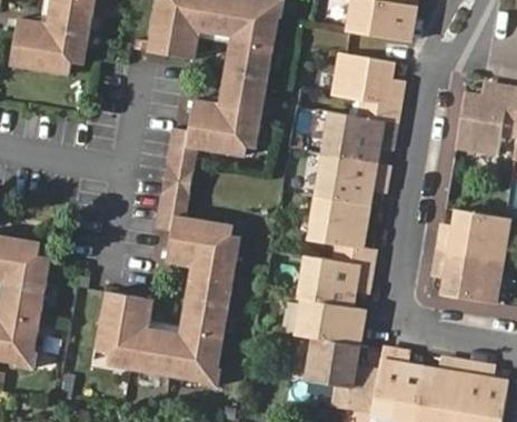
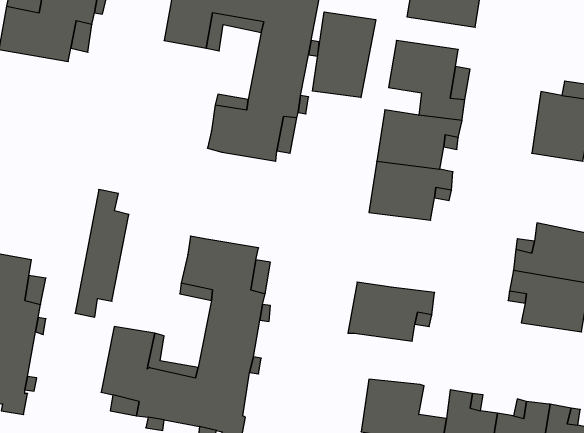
building: none -> [313,12,376,98]
building: [148,127,193,234] -> [75,190,129,317]
building: [311,199,377,267] -> none
building: [300,301,367,344] -> none

